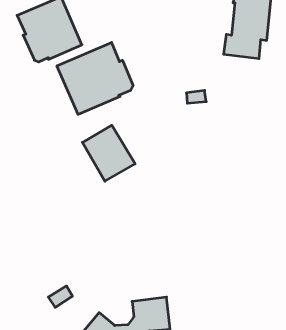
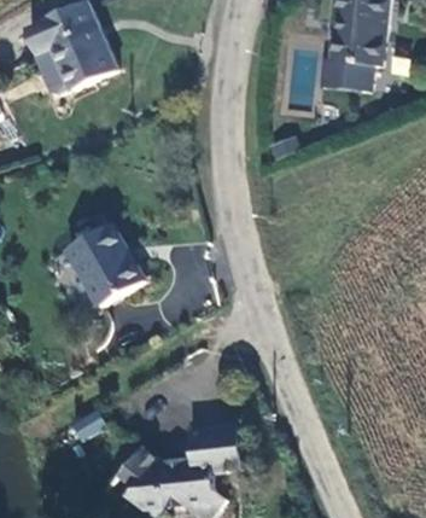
building: [57,42,133,114] -> none
building: [82,125,135,181] -> [69,226,142,304]

